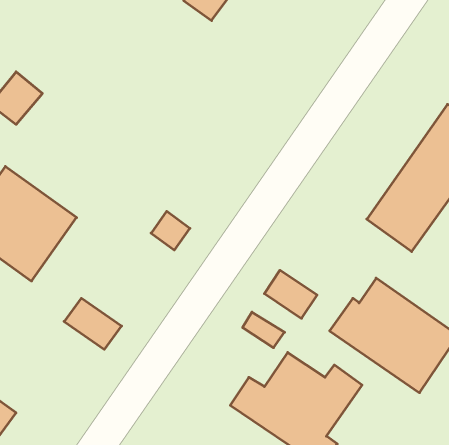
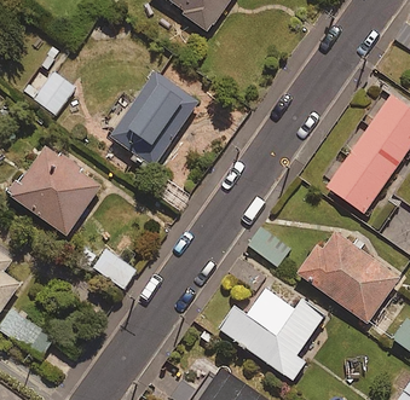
building: none -> [110,76,197,167]

